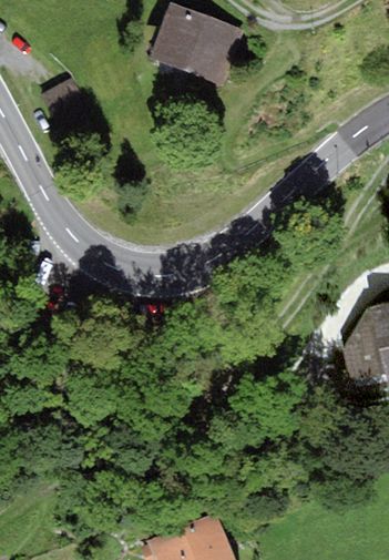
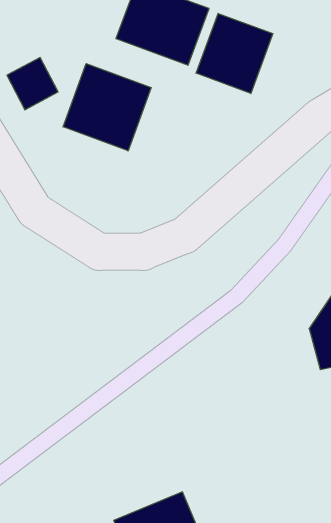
building: none -> [196,13,273,94]
building: none -> [63,64,151,151]

